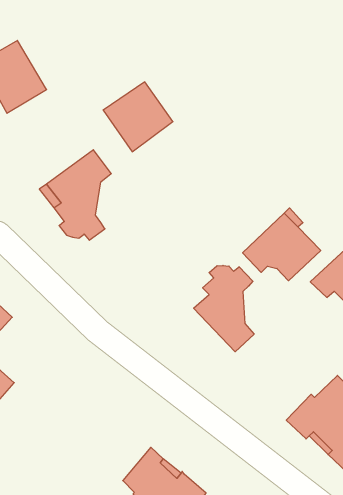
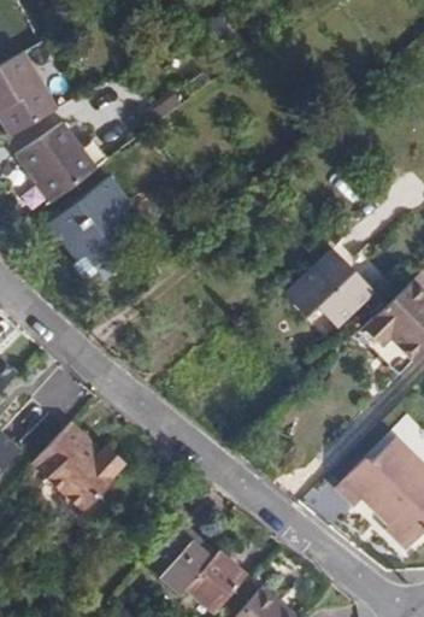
building: [103,82,173,152] -> [16,119,96,200]
building: [194,265,254,352] -> none
building: none -> [31,422,119,507]

